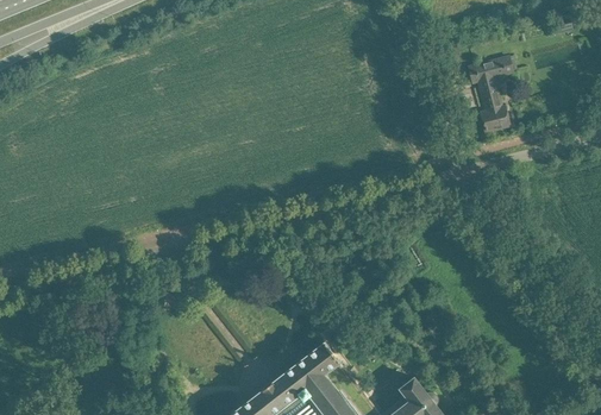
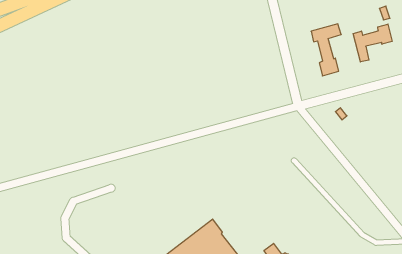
building: none -> [353,24,392,62]

